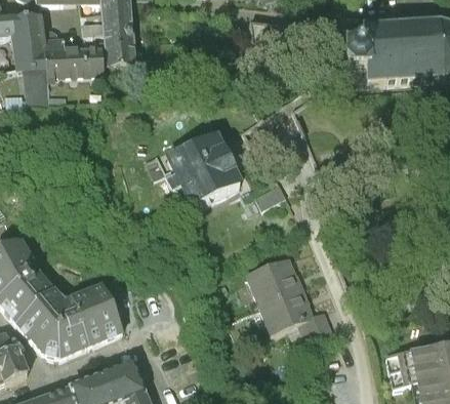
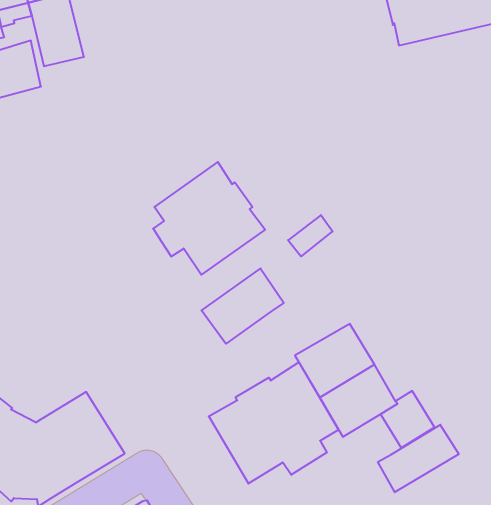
building: none -> [201,268,284,344]
building: none -> [209,362,339,484]
building: none -> [378,425,459,492]

